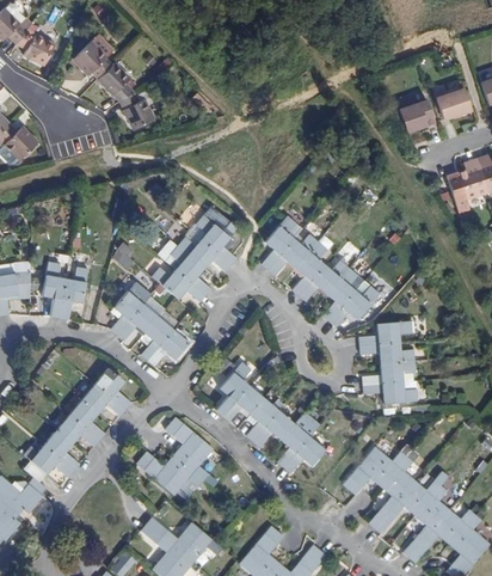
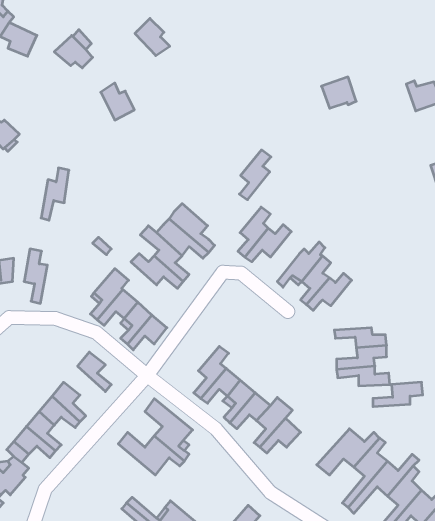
building: [98,62,134,100] -> [135,18,170,56]
building: [400,100,436,133] -> [321,77,356,108]
building: [293,244,325,295] -> [239,150,271,200]
building: [57,266,86,320] -> [41,168,69,220]
building: [359,320,411,345] -> [373,382,423,407]
building: [81,382,124,416] -> none

